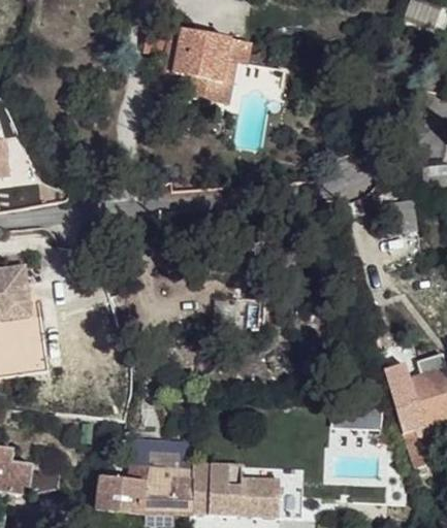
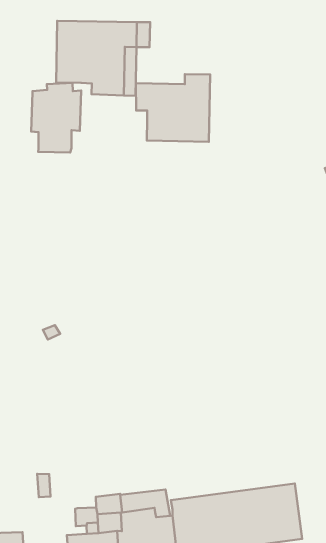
building: none -> [31,83,81,152]
building: none -> [136,74,210,142]

